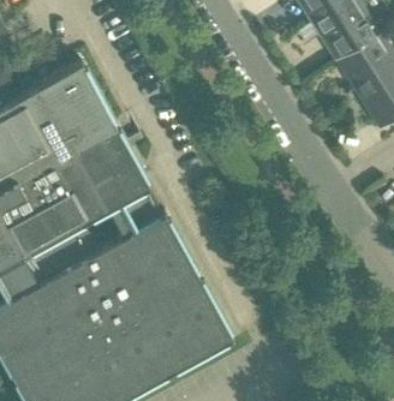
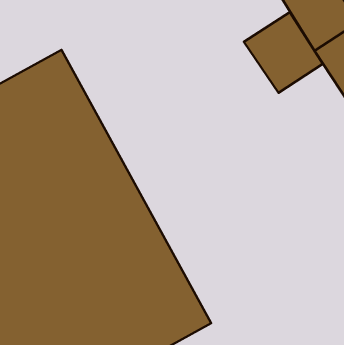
building: none -> [244,12,323,93]

